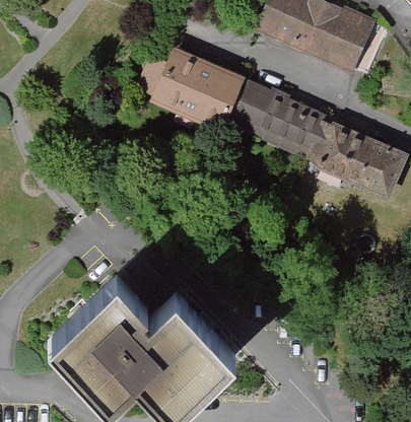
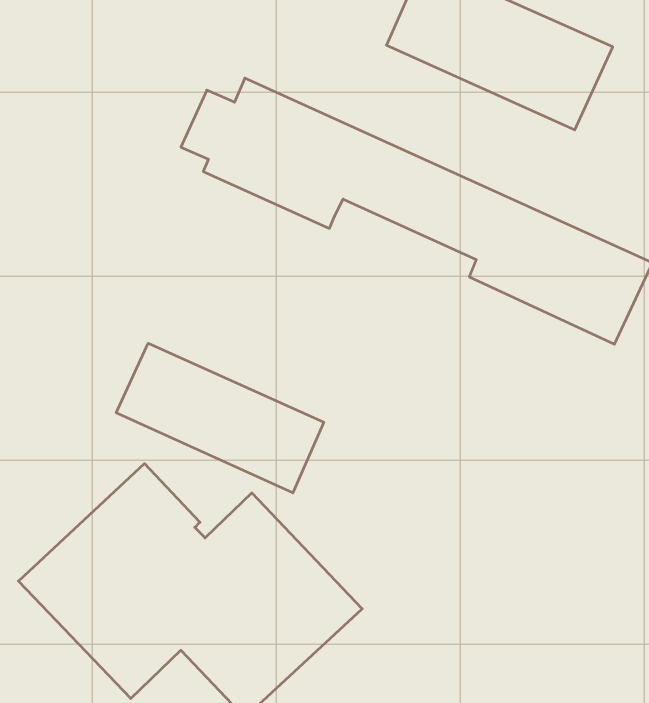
building: none -> [116,343,324,493]

